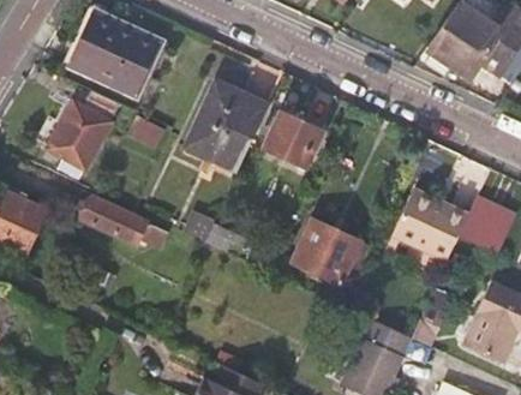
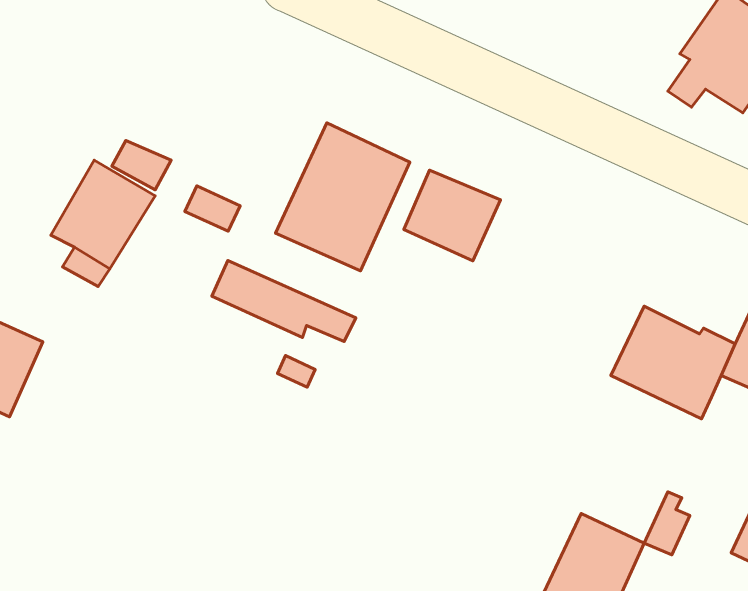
building: [76,13,164,94] -> none
building: [83,202,170,251] -> [212,261,356,341]
building: [292,216,373,289] -> none

